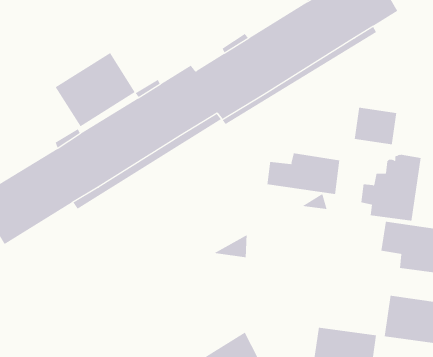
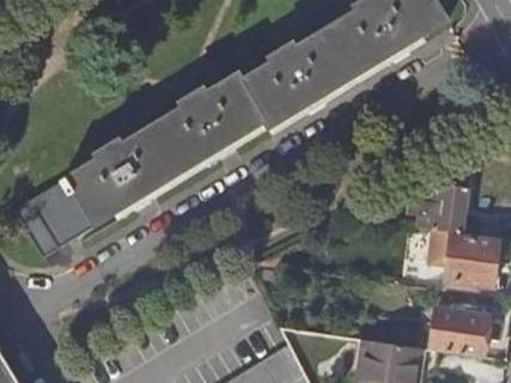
building: [55,52,136,127] -> none
building: [354,107,397,145] -> none
building: [267,153,340,195] -> none

